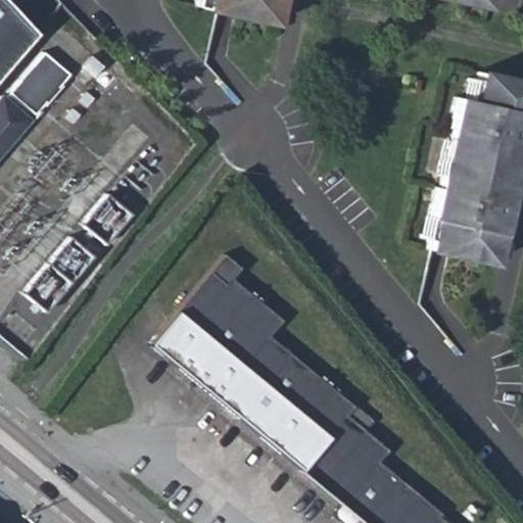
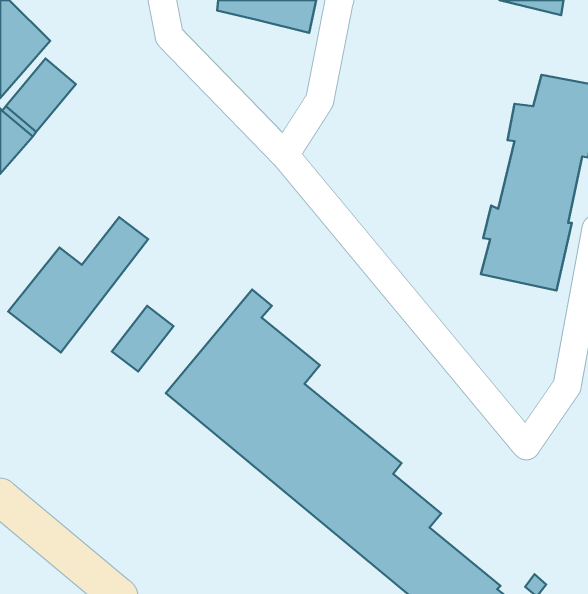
building: none -> [112,306,174,372]

